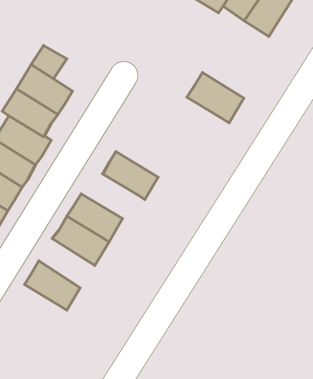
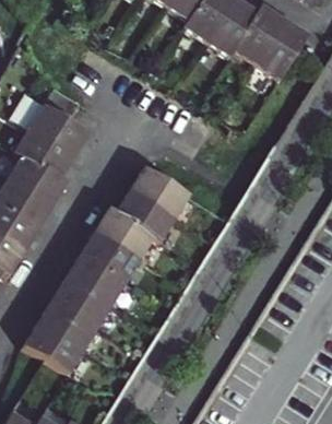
building: [187,73,244,123] -> [130,166,186,215]
building: none -> [96,207,152,256]
building: none -> [55,275,109,323]
building: none -> [24,320,82,372]

